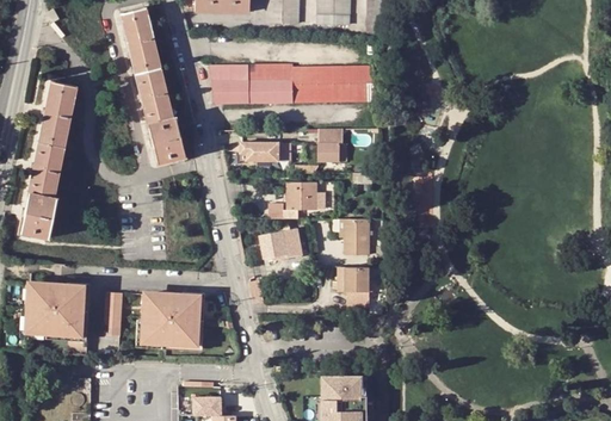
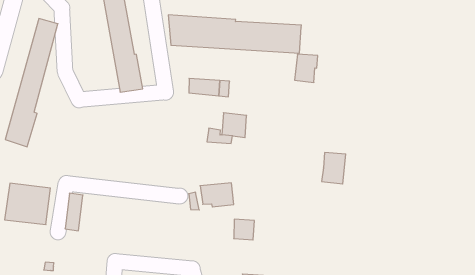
building: [316,129,342,162] -> [295,54,318,82]
building: [342,218,370,255] -> [322,153,346,184]
building: [259,229,302,260] -> [200,183,234,207]
building: [345,267,370,291] -> [234,219,254,240]
building: [140,296,195,348] -> none

